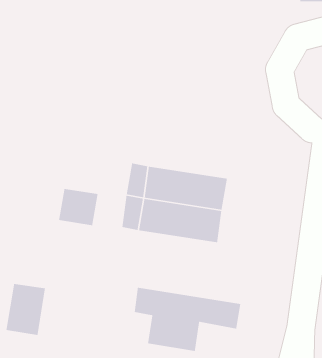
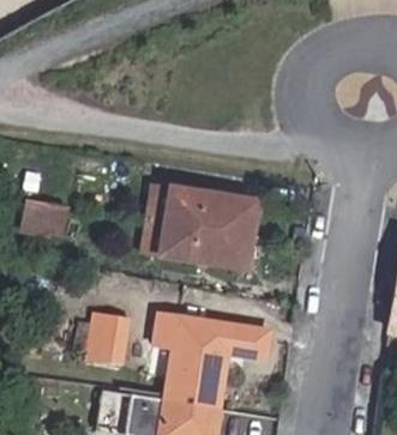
building: [58,188,99,226] -> [22,198,65,238]
building: [6,283,46,336] -> [86,313,130,369]

